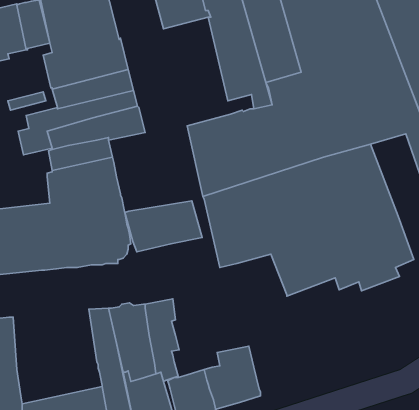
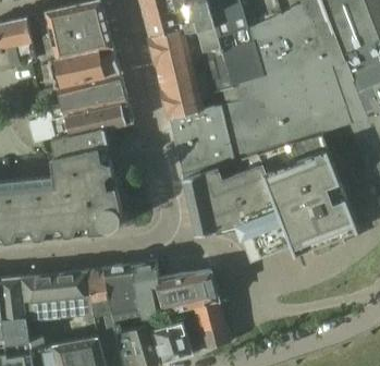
building: none -> [149,26,205,117]
building: [125,201,202,252] -> [156,269,220,312]
building: none -> [24,269,94,319]

